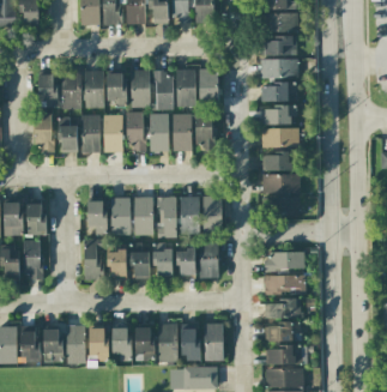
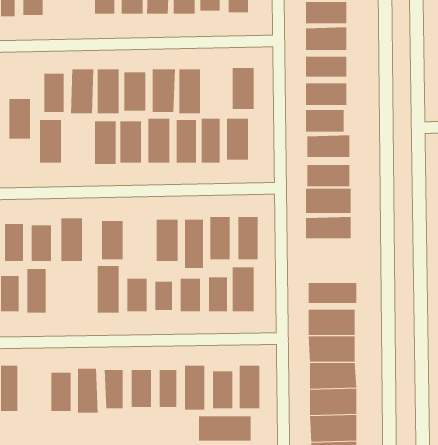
building: [176,68,195,105] -> none
building: [58,116,77,151] -> [8,98,31,139]
building: [110,197,129,234] -> [60,218,83,261]
building: [22,330,40,362] -> none

